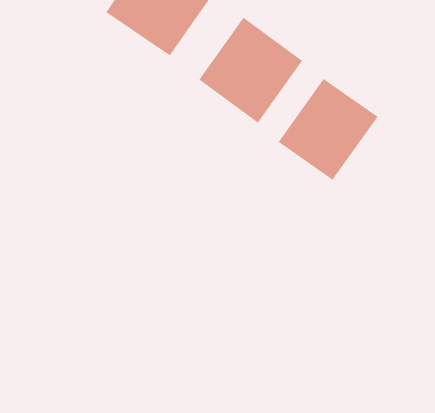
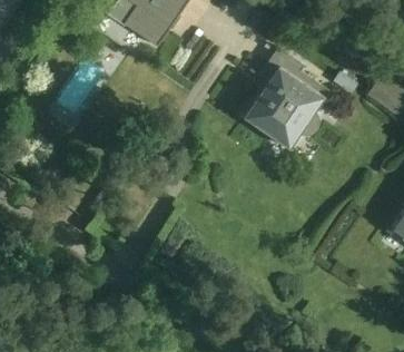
building: [199,17,303,123] -> none

